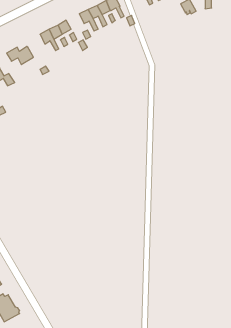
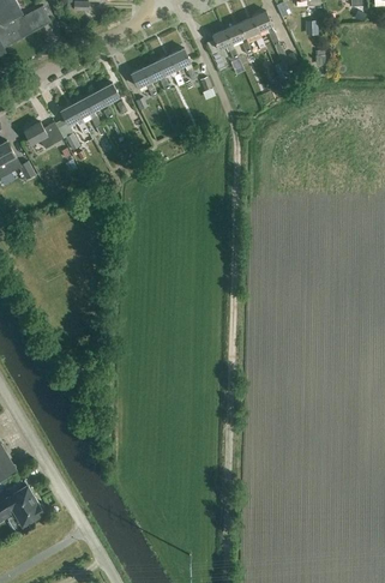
building: none -> [54,104,88,151]

